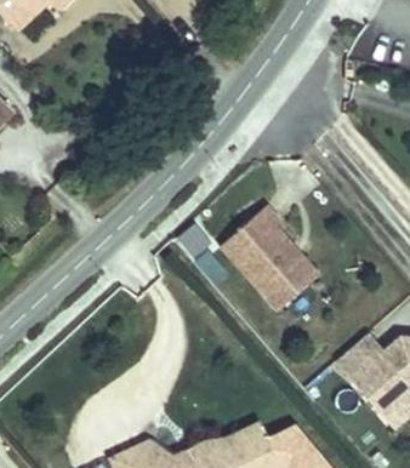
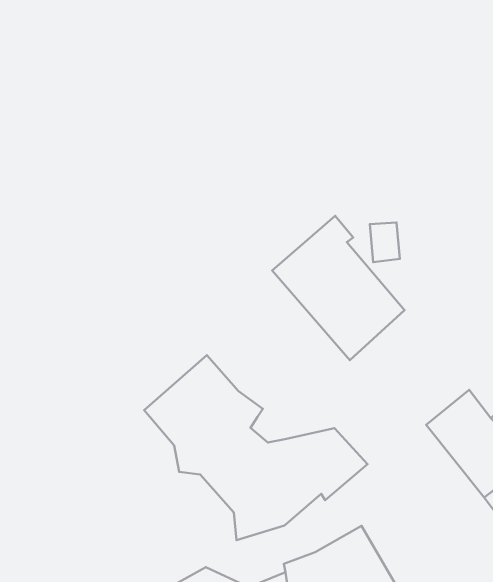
building: none -> [144,355,367,540]

